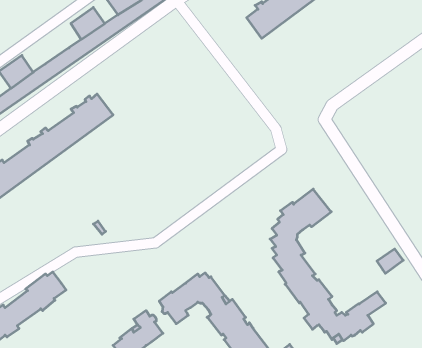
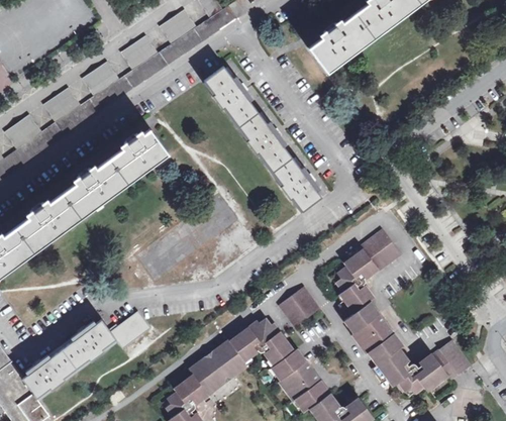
building: none -> [82,62,119,96]
building: none -> [149,64,321,210]
building: none -> [278,286,319,326]
building: [377,249,403,273] -> [440,352,469,379]
building: none -> [111,311,150,347]
building: none -> [202,350,234,385]

